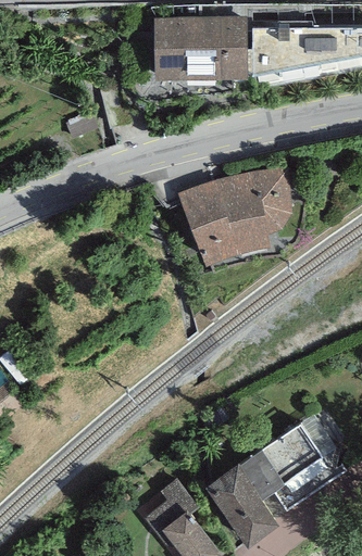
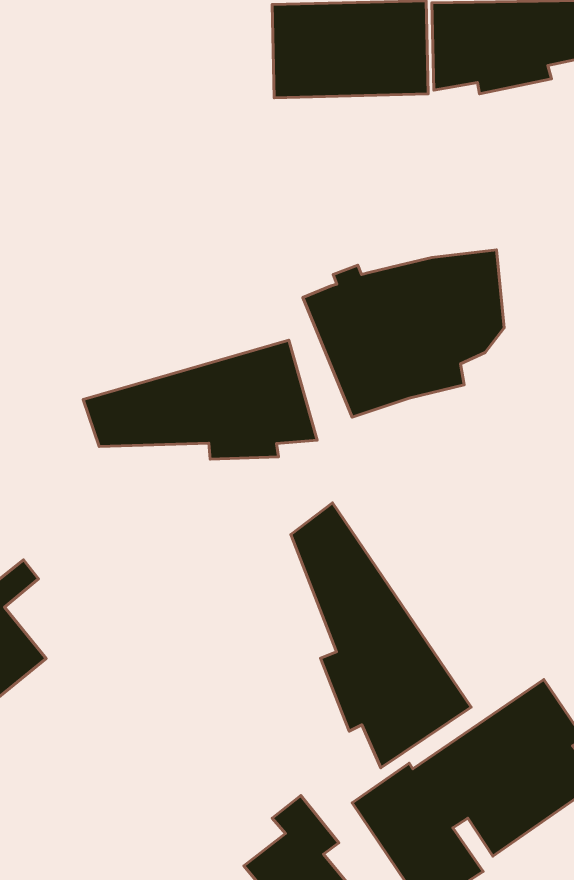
building: none -> [83,340,317,459]
building: none -> [291,503,471,768]

